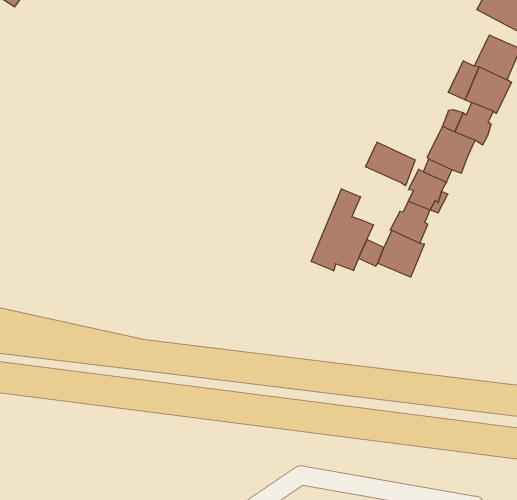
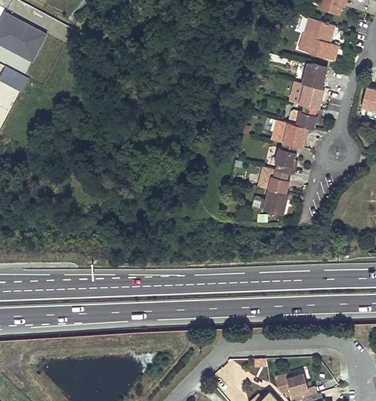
building: [366,142,415,186] -> none
building: [311,189,373,271] -> none

